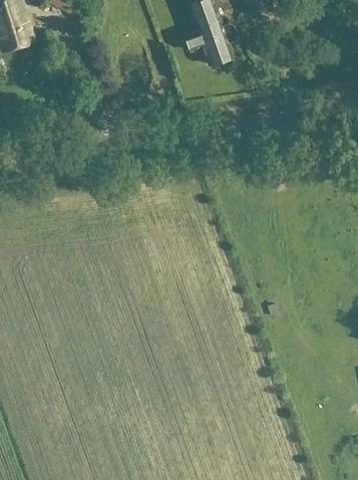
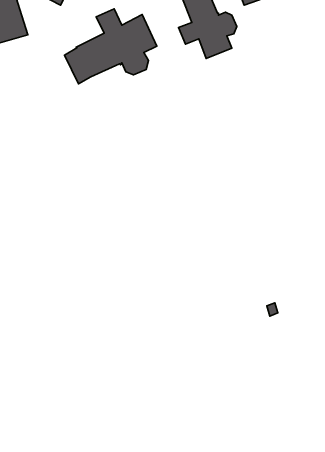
building: none -> [65,9,157,84]

